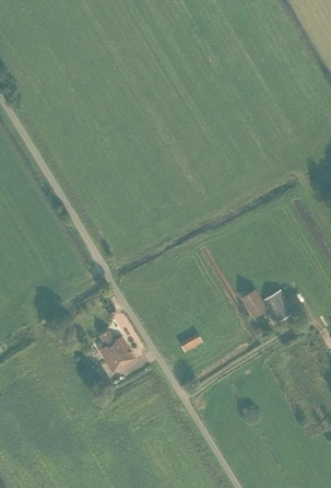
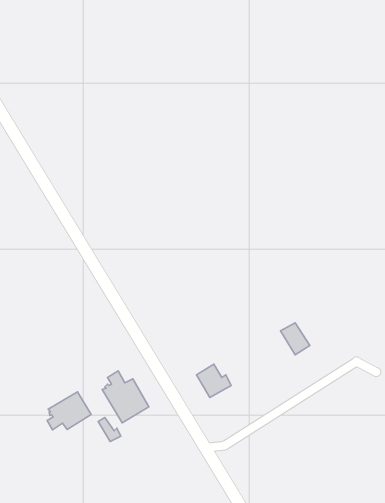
building: [264,291,293,323] -> none
building: none -> [47,392,91,430]

